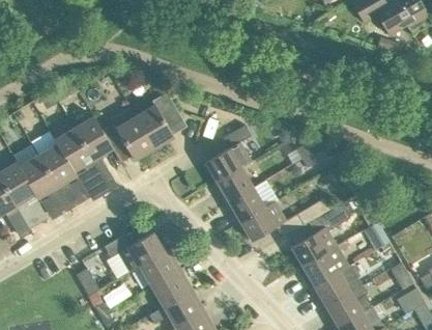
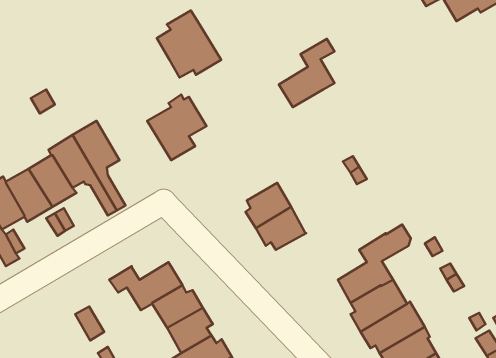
building: [102,108,154,163] -> [157,11,221,77]
building: [205,126,251,182] -> [279,39,334,107]
building: [240,198,330,242] -> none

